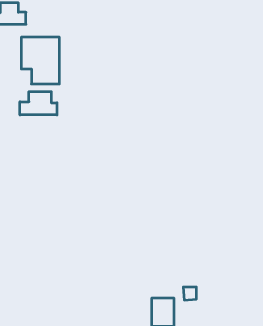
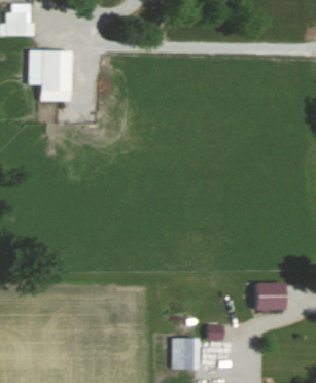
building: [20,92,57,115] -> none
building: none -> [255,281,284,309]

